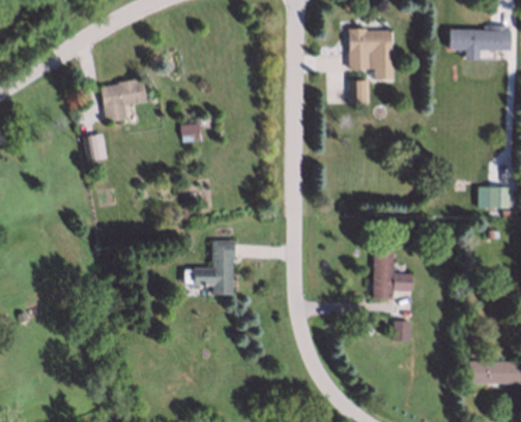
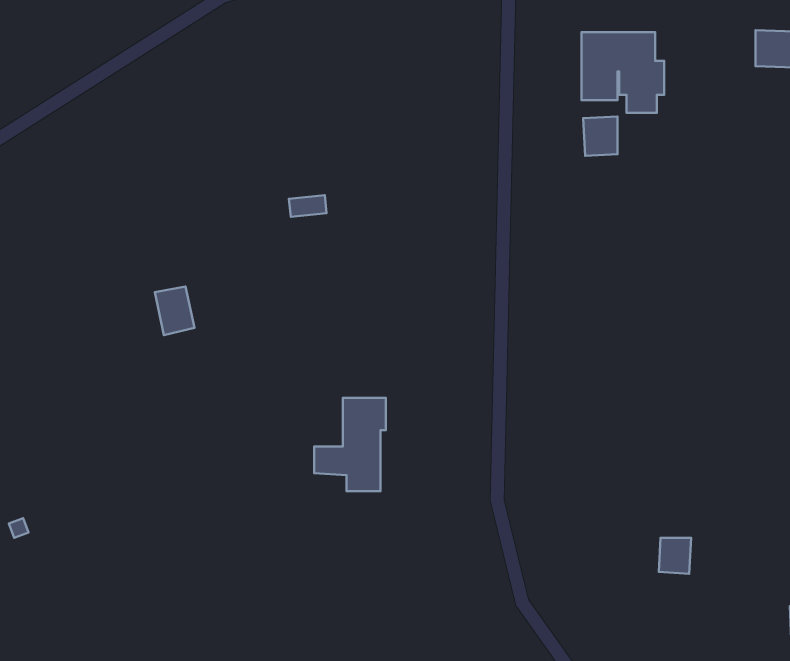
building: [102,82,147,123] -> none
building: [85,134,108,162] -> [155,287,194,335]
building: [374,252,412,299] -> none

